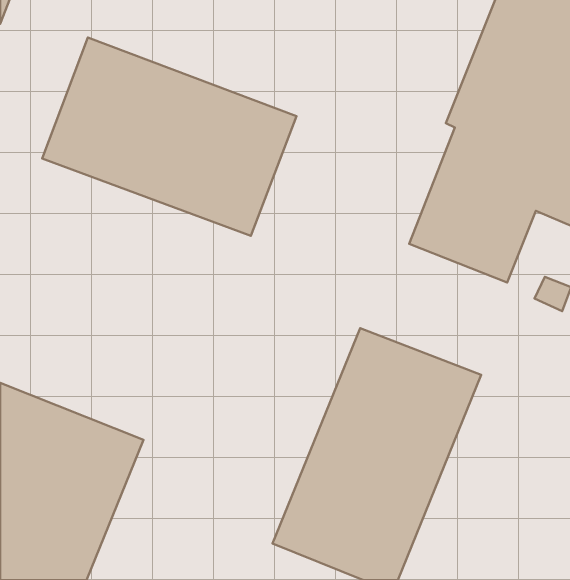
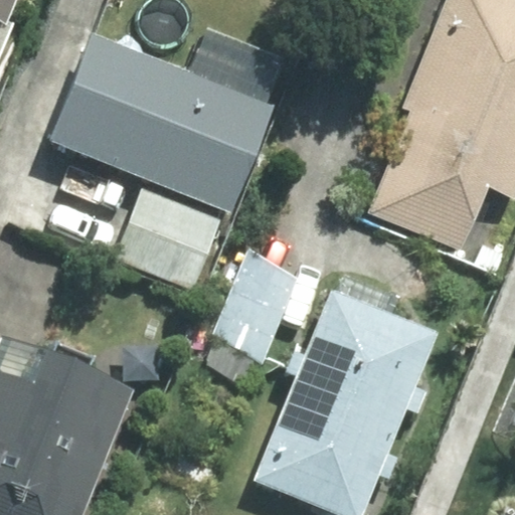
building: none -> [122,188,230,292]
building: none -> [213,246,300,384]

